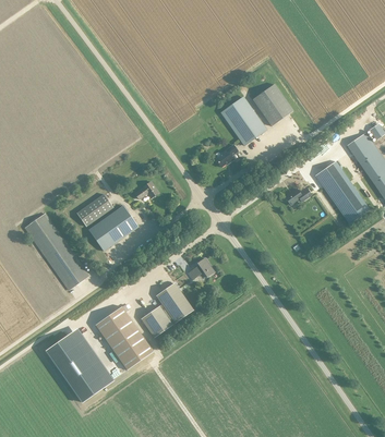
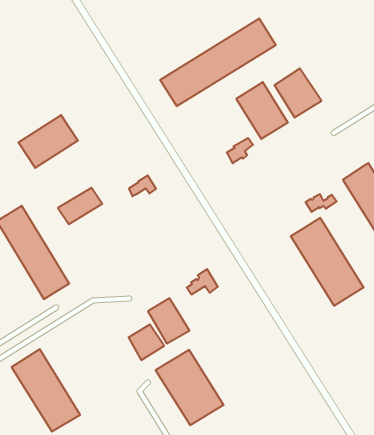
building: none -> [160,18,276,106]
building: [88,205,139,251] -> [18,115,78,168]
building: none -> [291,218,364,306]
building: [95,306,154,369] -> [156,350,224,425]

